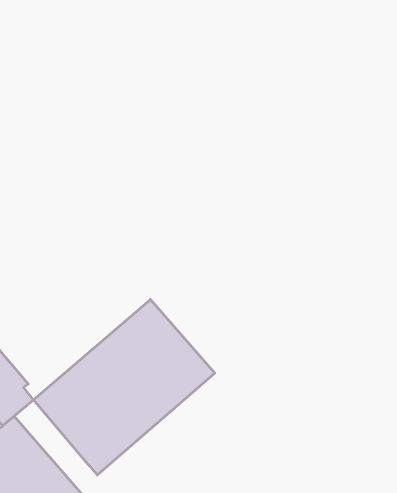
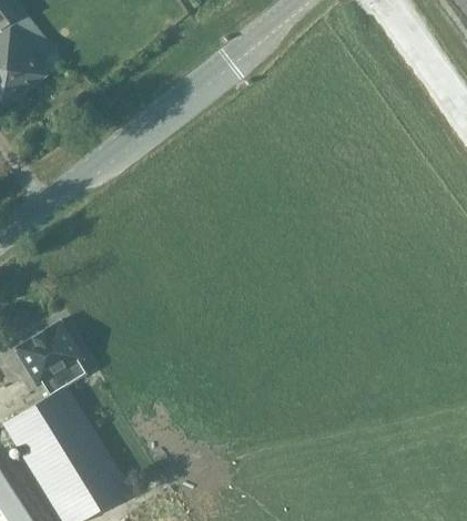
building: [34,299,215,475] -> none

